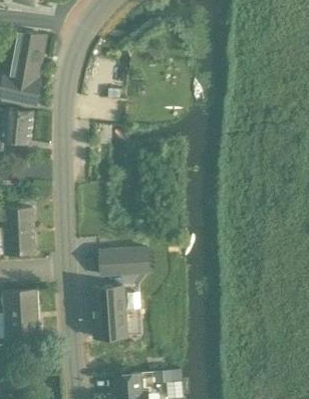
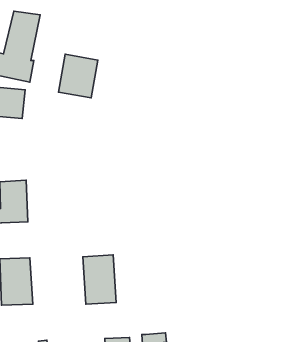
building: none -> [59,54,98,98]
building: [98,247,149,275] -> none

